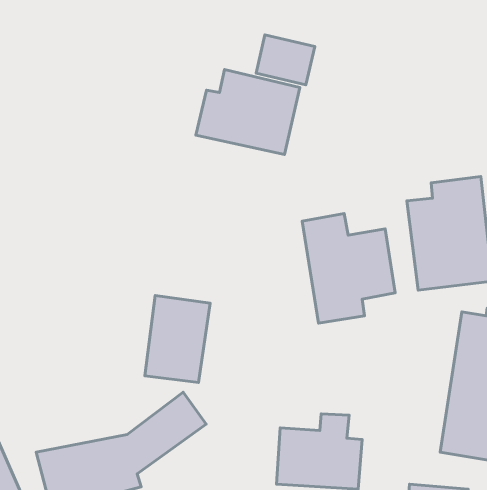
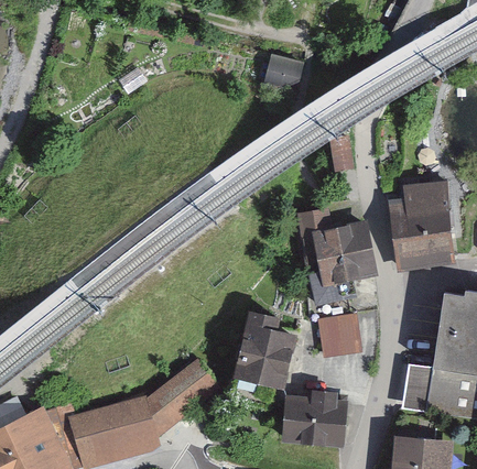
building: [196,69,300,155] -> none
building: [145,296,210,382] -> [248,309,304,384]
building: none -> [319,314,360,359]

